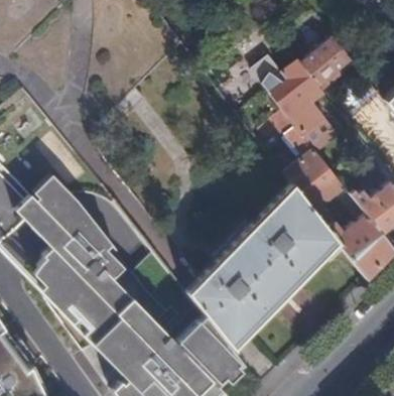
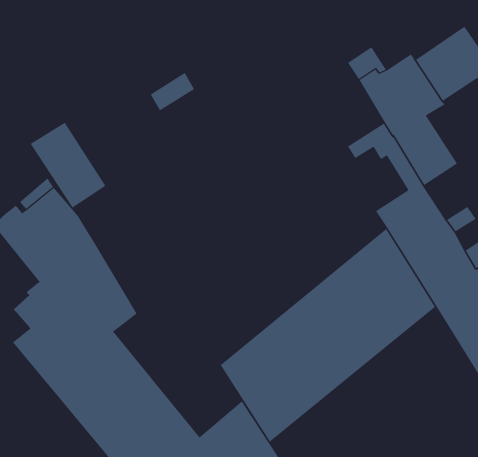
building: none -> [30,122,106,208]

